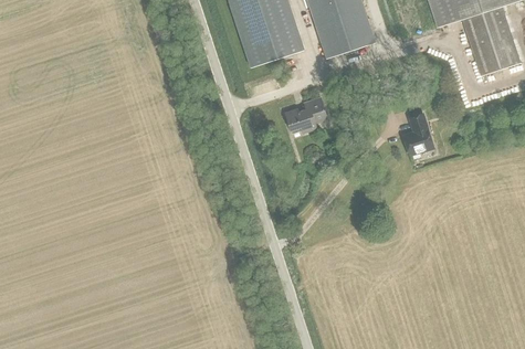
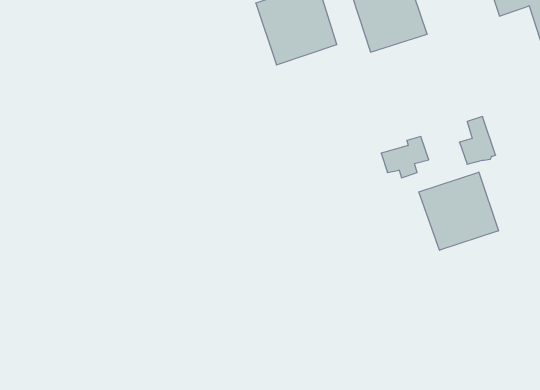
building: [286,96,327,131] -> [381,137,429,178]
building: none -> [419,172,498,250]

